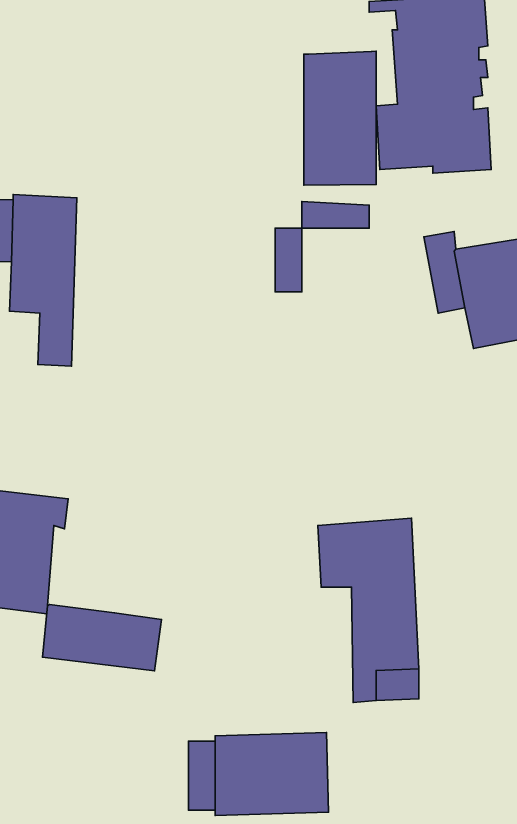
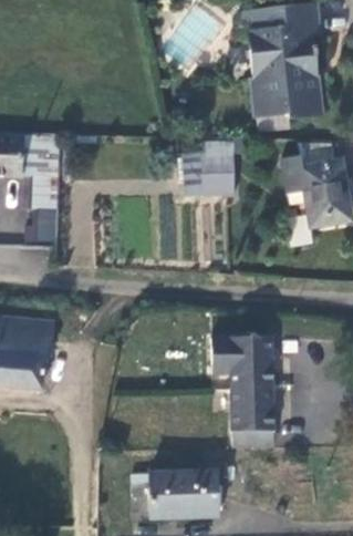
building: [304,51,376,185] -> none
building: none -> [201,153,233,193]
building: [43,604,162,671] -> none

